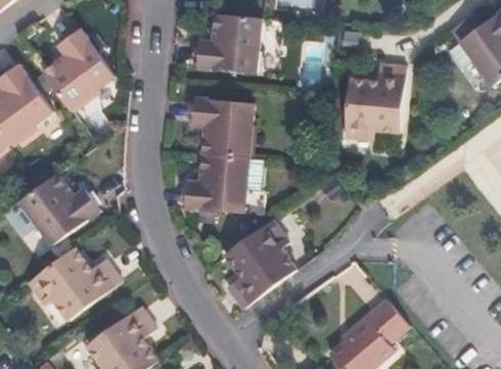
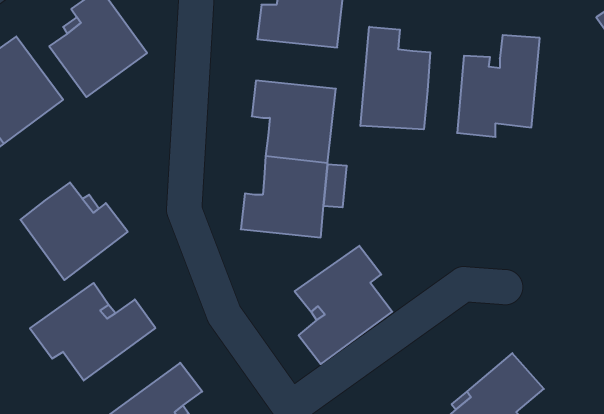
building: none -> [360,27,430,129]

